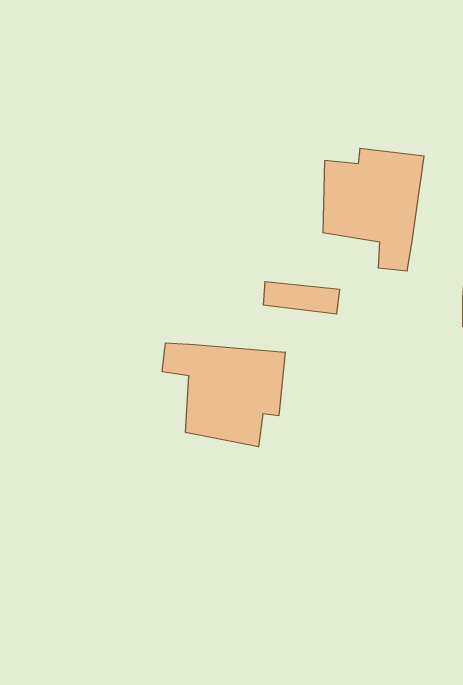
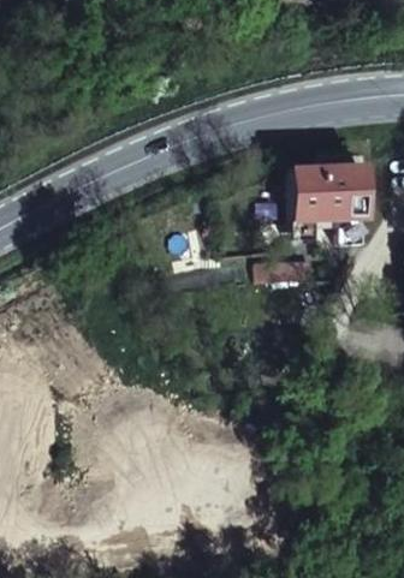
building: [162,343,285,447] -> none

